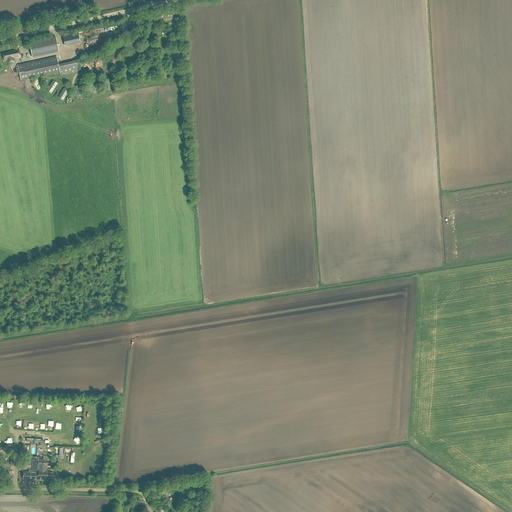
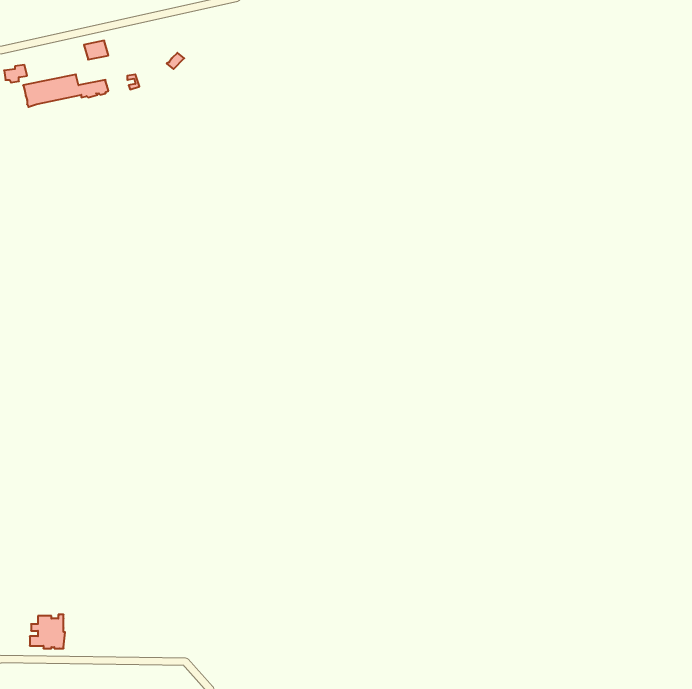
building: [29,35,58,55] -> none

